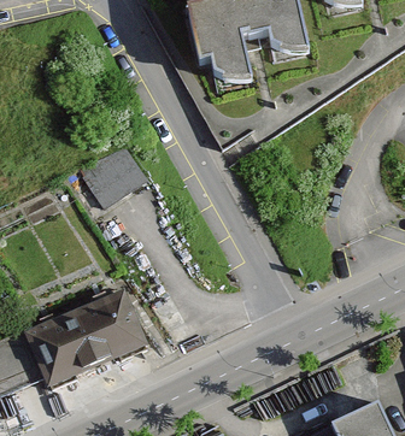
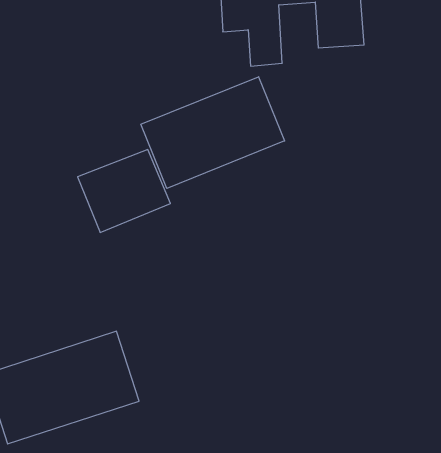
building: none -> [141,77,285,188]

